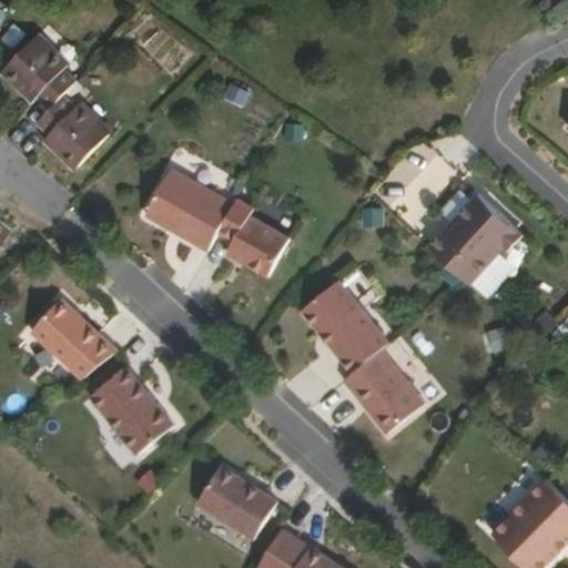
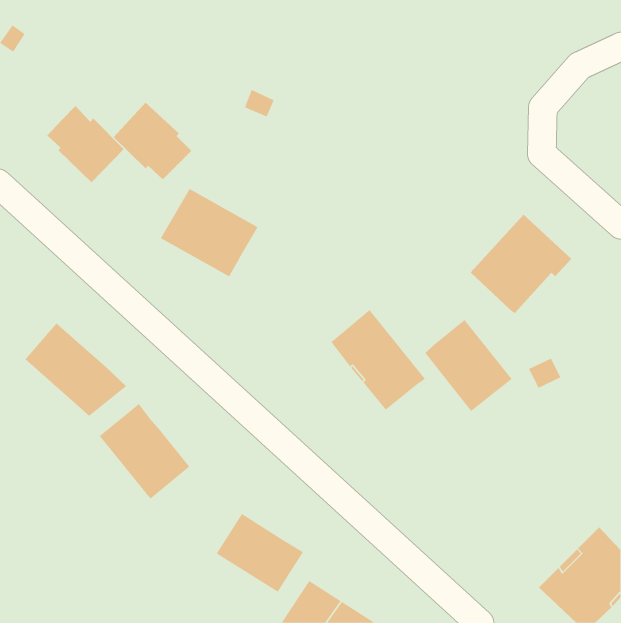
building: [10,38,82,109] -> [113,102,192,180]
building: [219,201,291,280] -> none
building: [343,349,423,434] -> [425,319,512,412]

